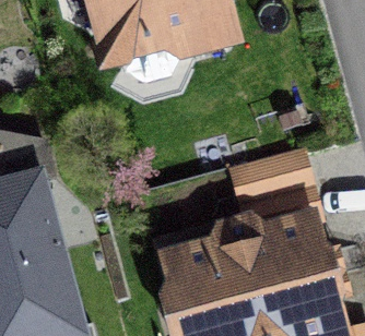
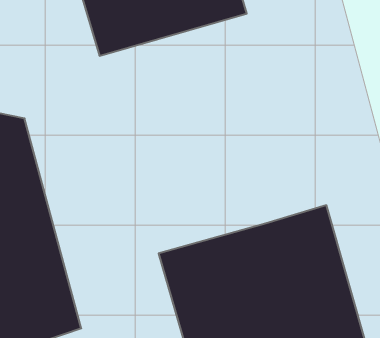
building: [239,155,323,229] -> none

